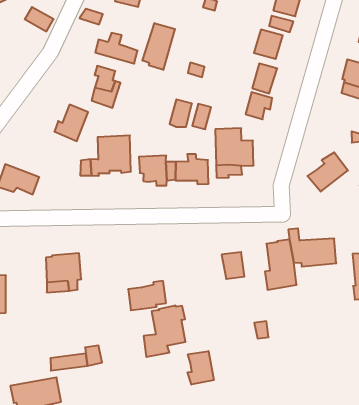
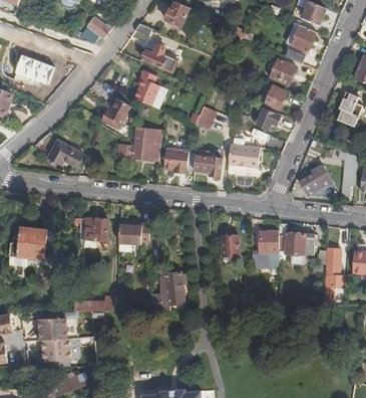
building: [142,23,175,70] -> none
building: [128,281,166,310] -> [120,222,149,242]
building: [188,351,214,385] -> none

